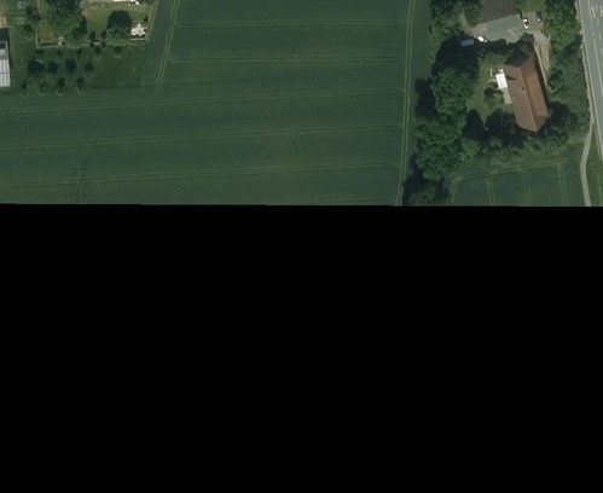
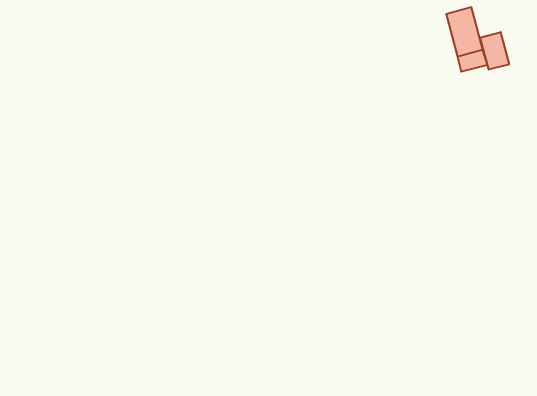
building: none -> [480,32,509,70]

